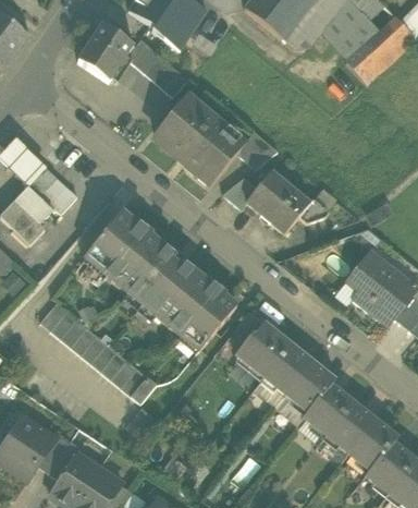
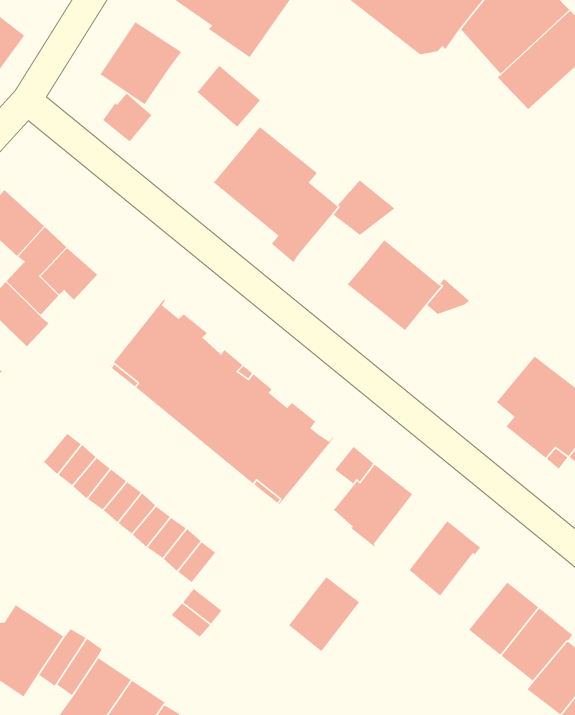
building: [125,38,159,72] -> [102,93,152,143]
building: [221,177,257,209] -> none
building: [263,343,312,395] -> [287,576,360,652]
building: [303,384,353,435] -> none

